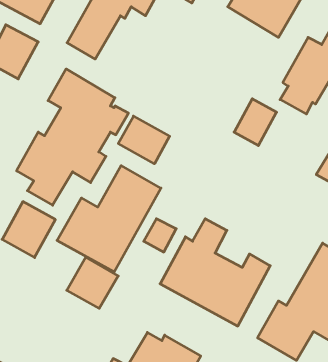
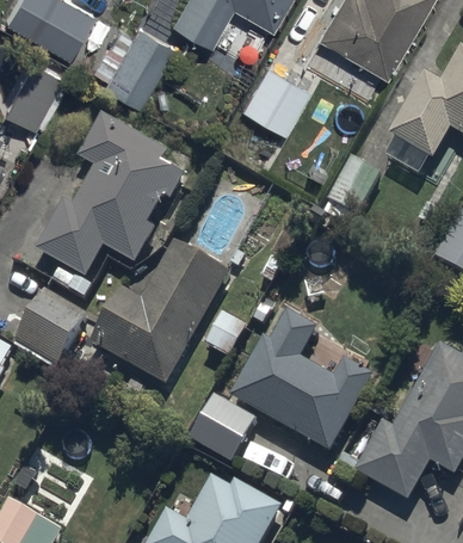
building: none -> [235,61,309,132]
building: [118,116,170,164] -> none
building: [67,257,118,308] -> [187,396,255,464]

